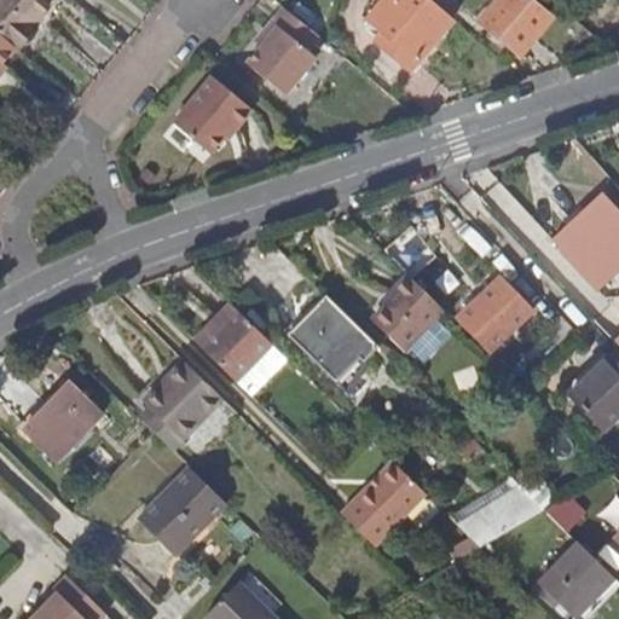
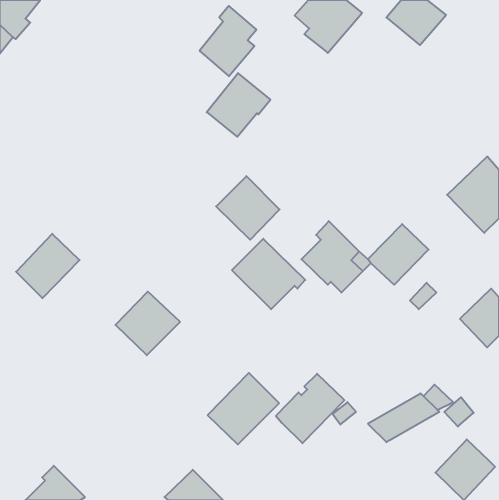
building: [173,77,251,156] -> [207,73,270,137]
building: [192,302,271,381] -> [216,176,280,240]
building: [23,382,102,462] -> [16,234,80,298]
building: [137,465,225,554] -> [208,373,279,444]

